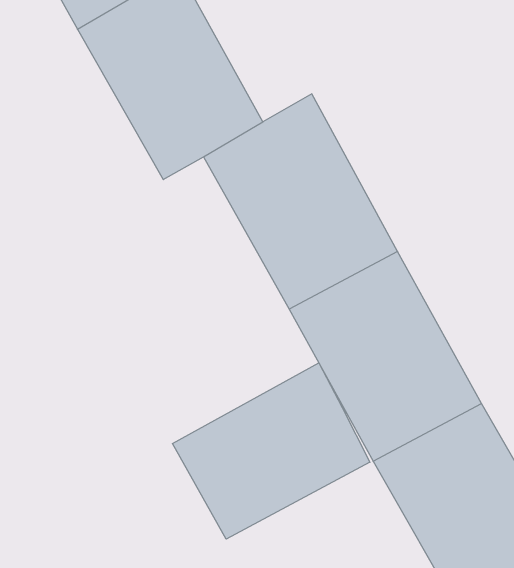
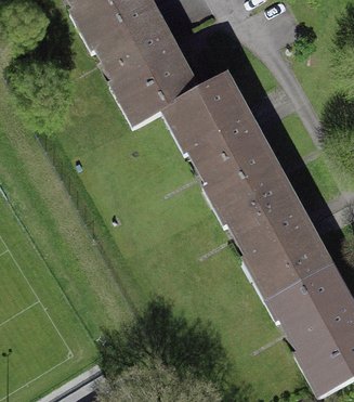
building: [172,363,370,539] -> none

